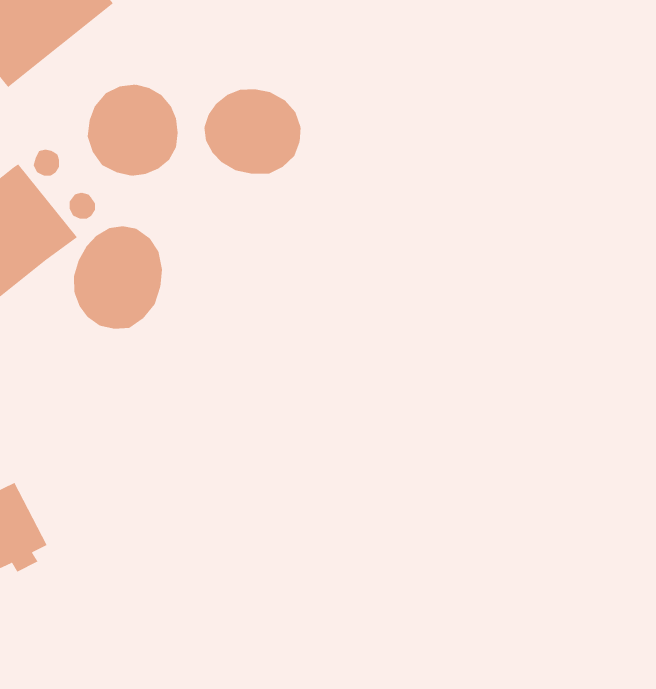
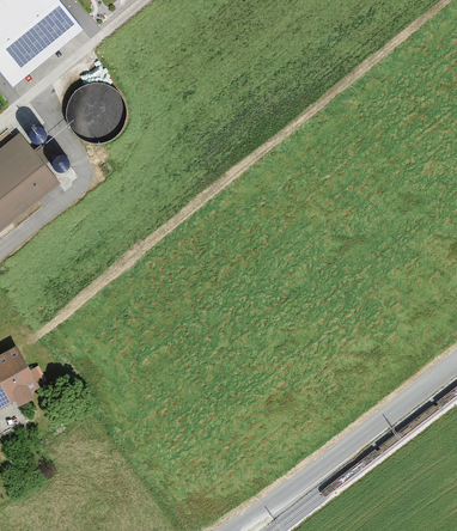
building: [204,88,301,175] -> none
building: [73,226,163,330] -> none

